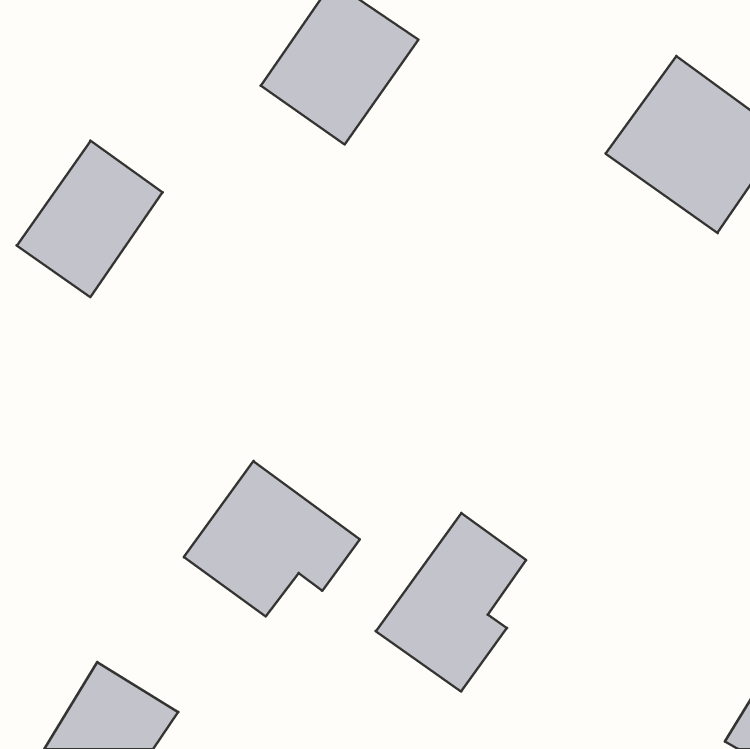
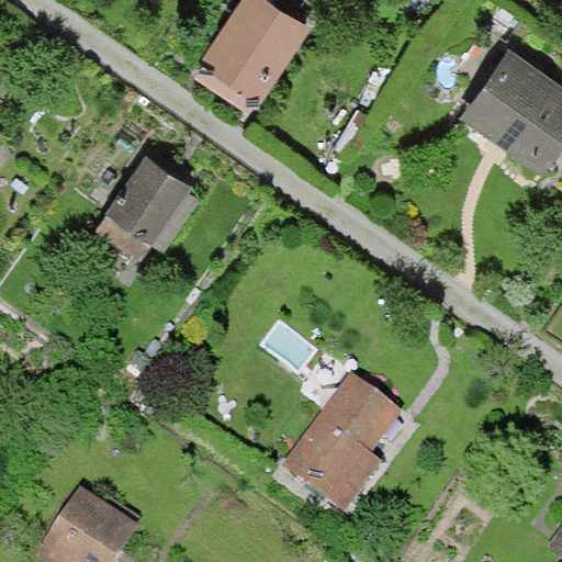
building: [17,141,163,297] -> [93,150,202,267]
building: [184,461,360,616] -> none

